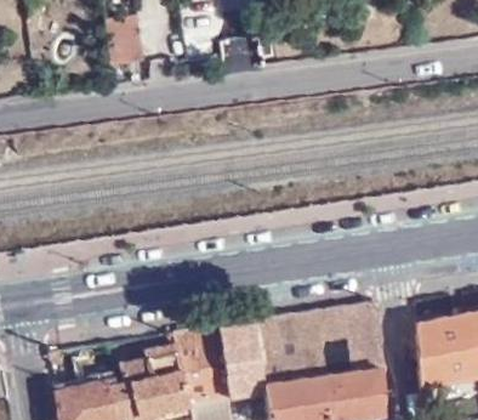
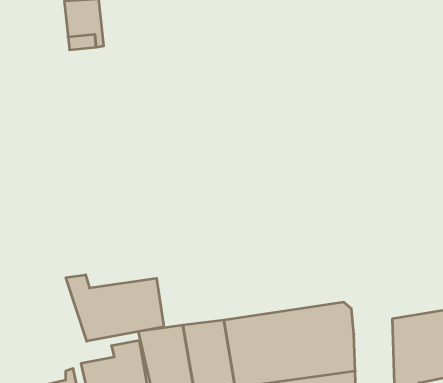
building: none -> [66,275,164,341]

